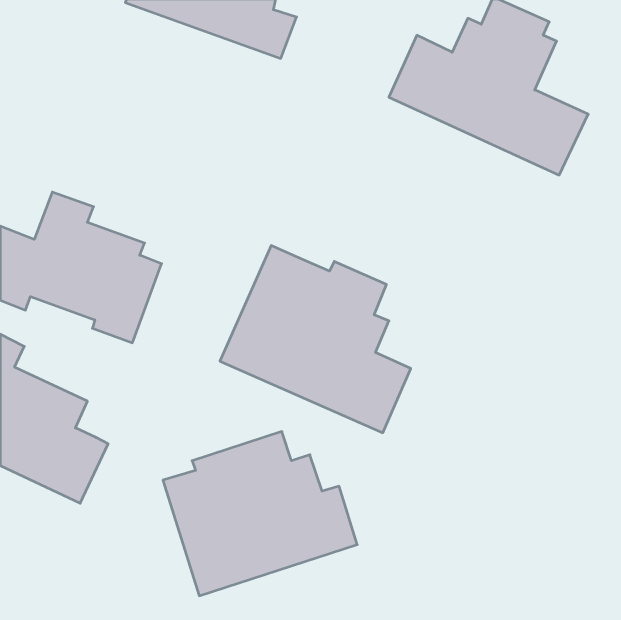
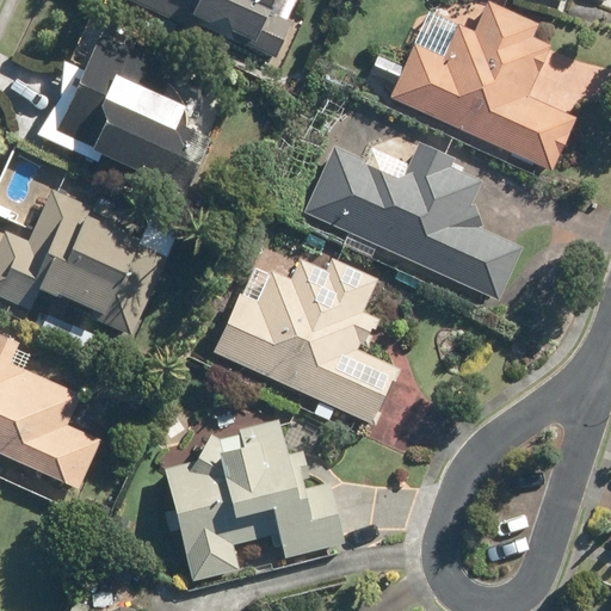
building: none -> [32,26,204,197]
building: none -> [300,137,517,300]

